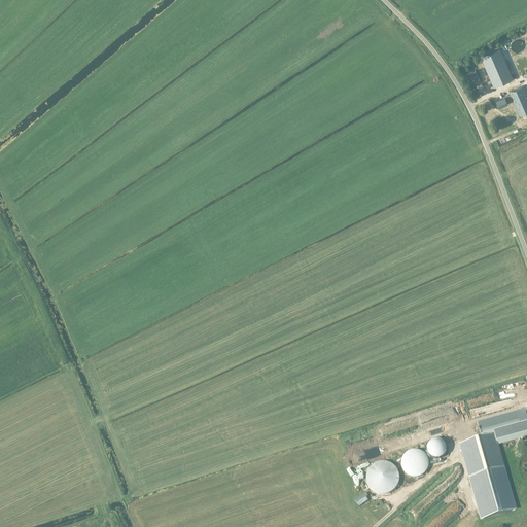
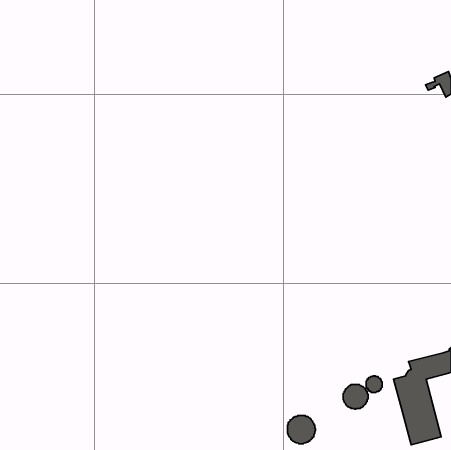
building: [481,46,513,85] -> none
building: [366,460,399,493] -> [287,416,316,444]

